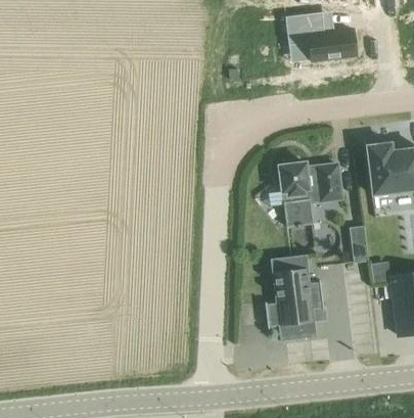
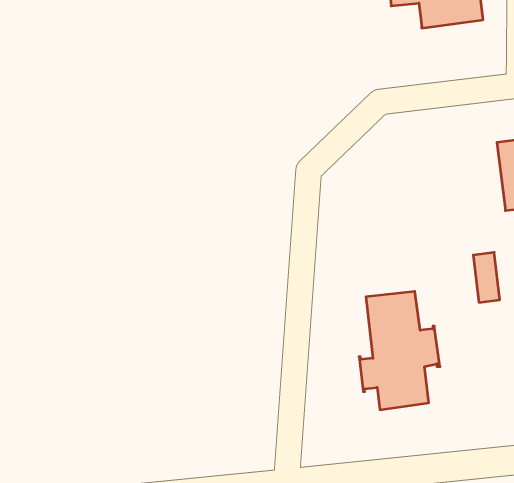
building: [269,159,342,229] -> none

